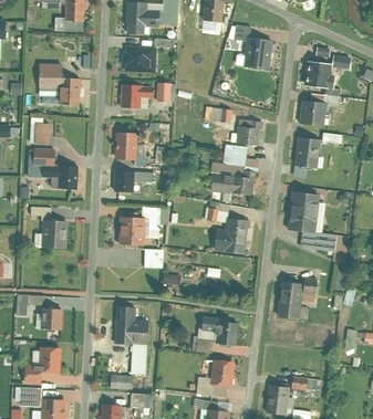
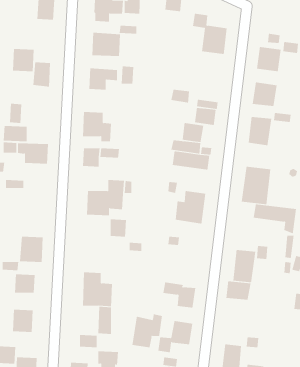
building: [41,220,68,249] -> [19,236,44,263]
building: none -> [226,281,251,301]
building: none -> [132,313,162,348]

